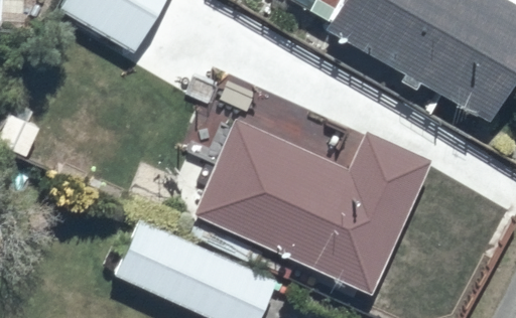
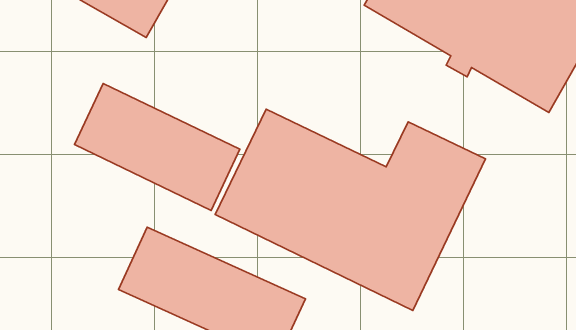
building: none -> [75,84,240,210]

